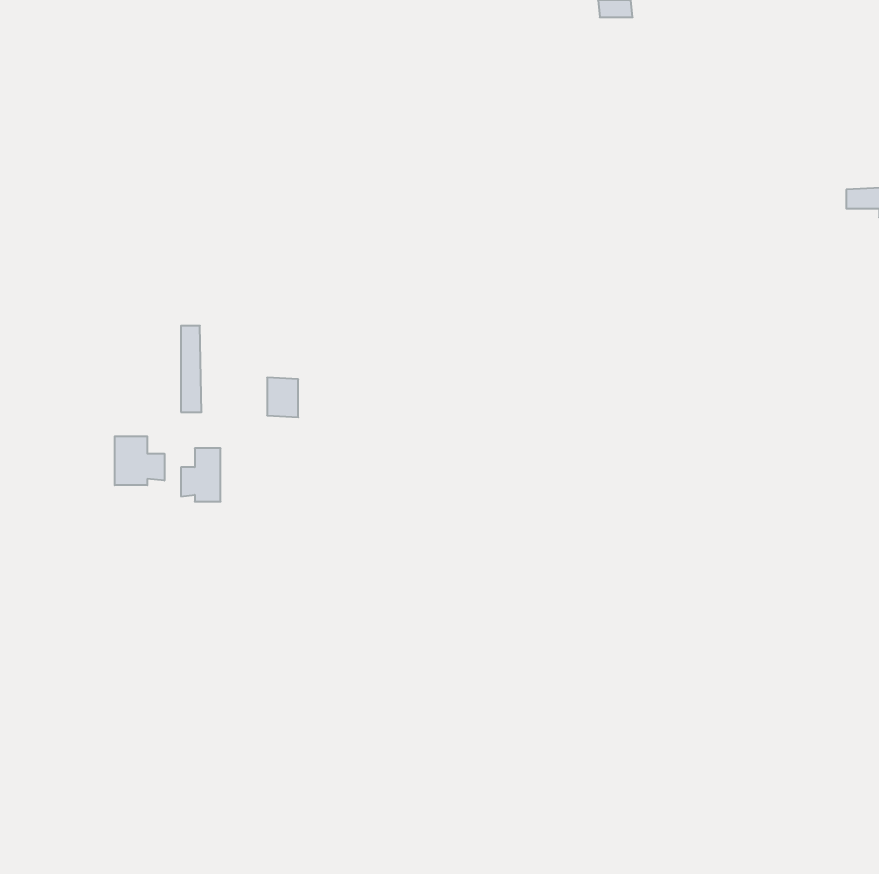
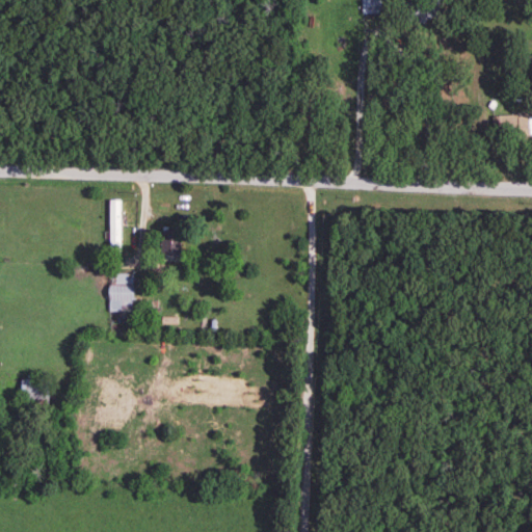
building: [115,436,164,485] -> none

